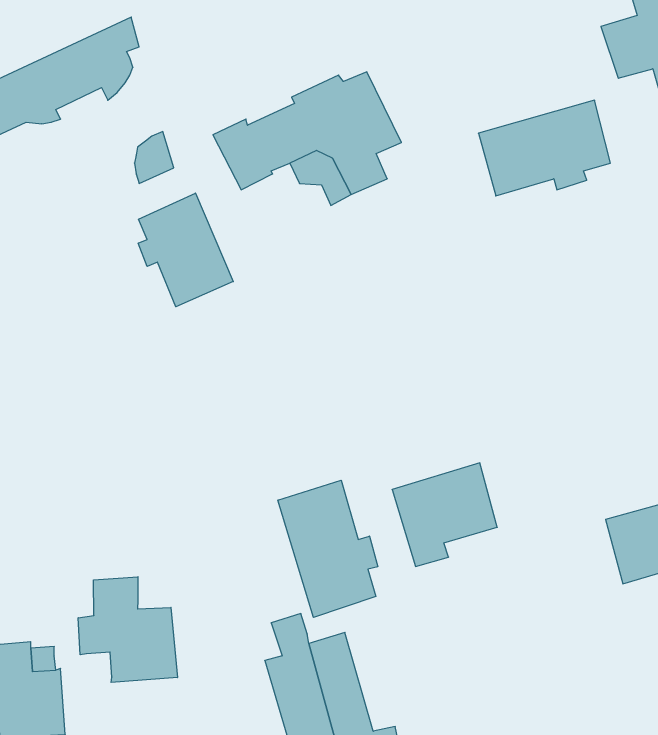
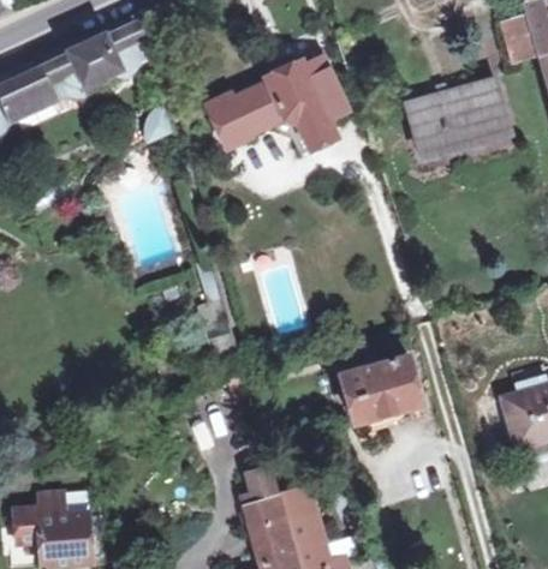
building: [138,193,233,307] -> none
building: [278,480,378,617] -> none
building: [78,577,177,682] -> none

